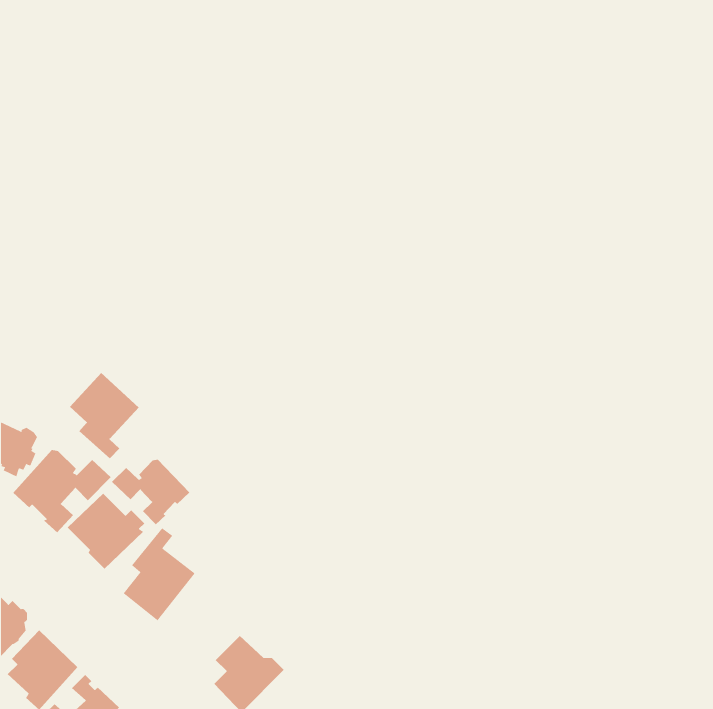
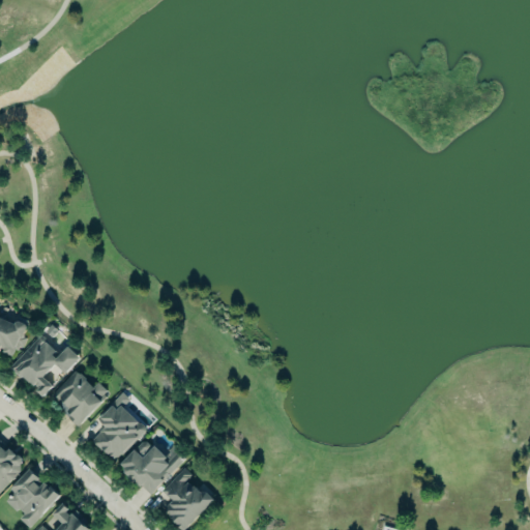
building: [69,372,140,459] -> none
building: [111,459,190,525] -> none
building: none -> [120,442,182,493]

